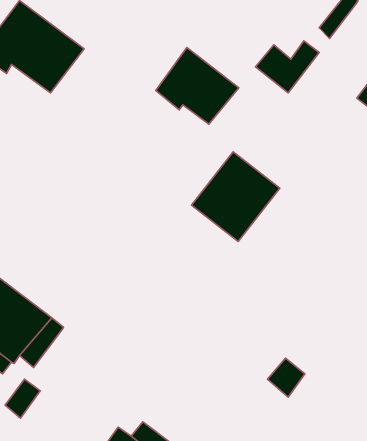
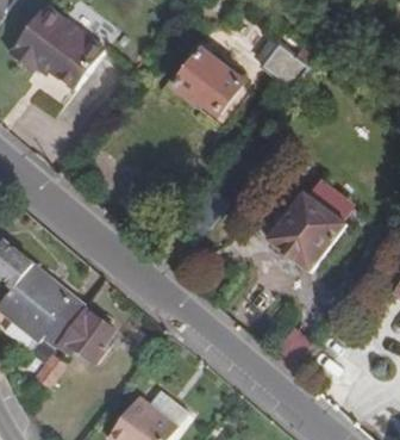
building: [192,152,280,241] -> [265,190,346,272]
building: none -> [57,306,115,360]

